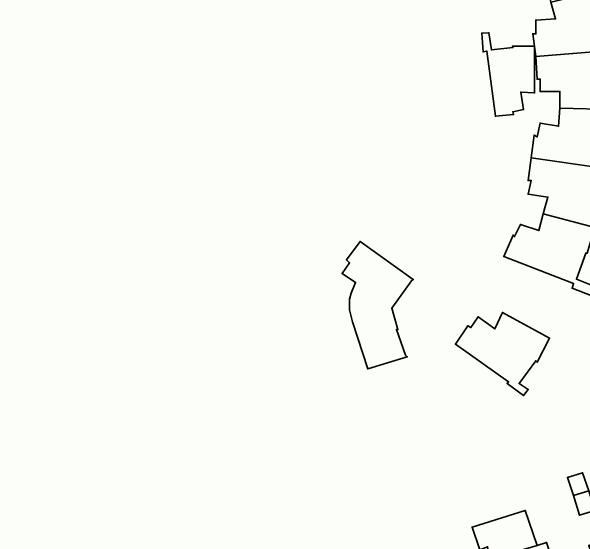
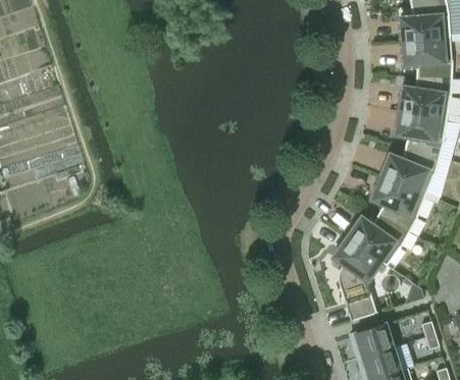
building: [482,33,534,116] -> none
building: [342,242,413,369] -> [335,235,382,321]
building: none -> [372,176,426,231]
building: none -> [351,323,394,359]

